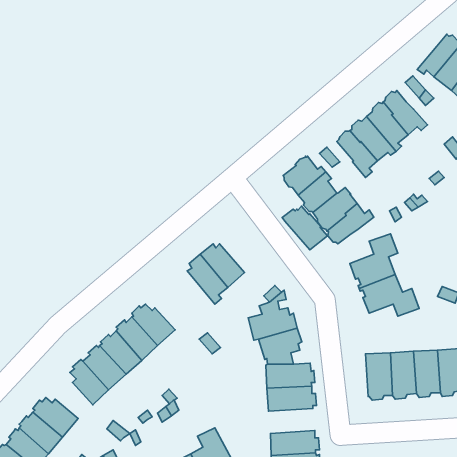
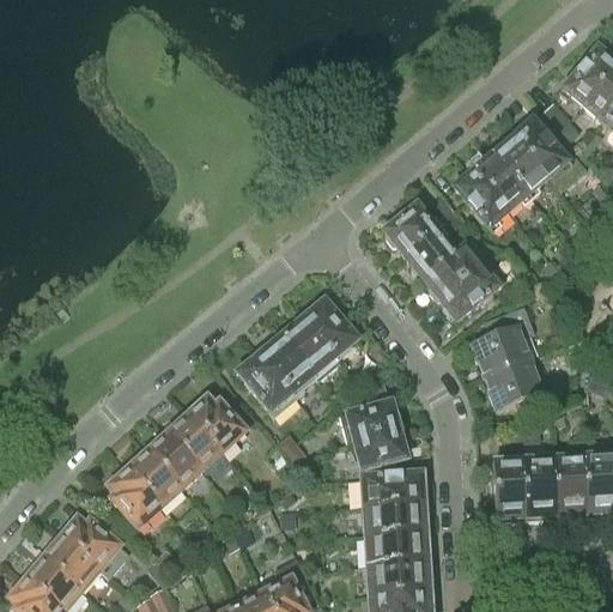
building: [282,206,327,250] -> [299,301,358,357]
building: none -> [238,350,297,416]
building: none -> [366,533,430,565]

